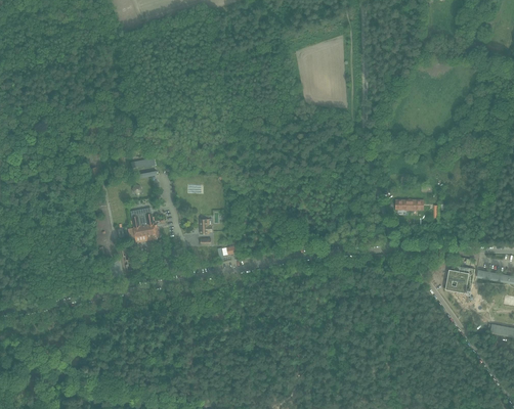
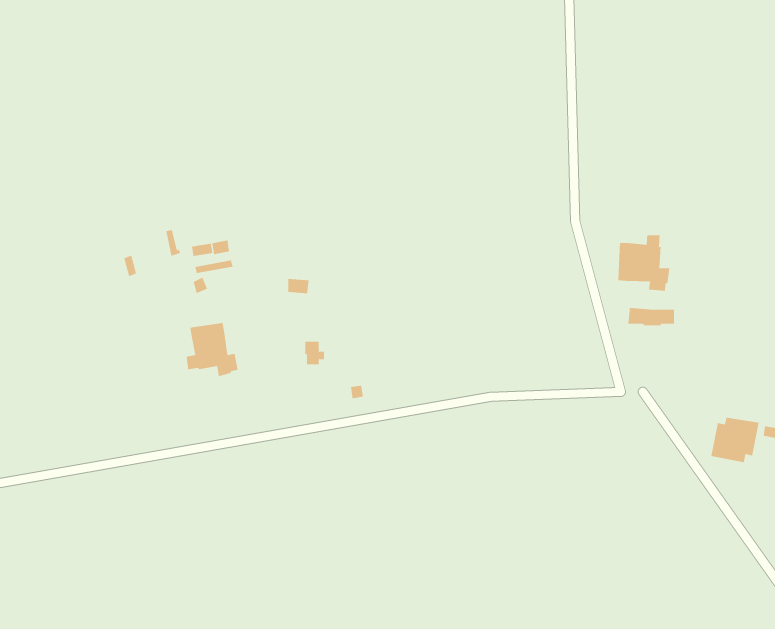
building: none -> [618,234,670,292]

